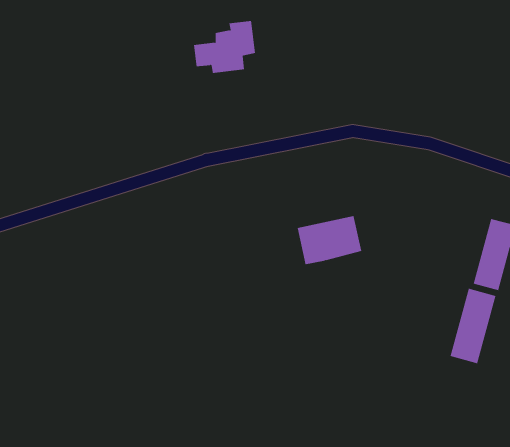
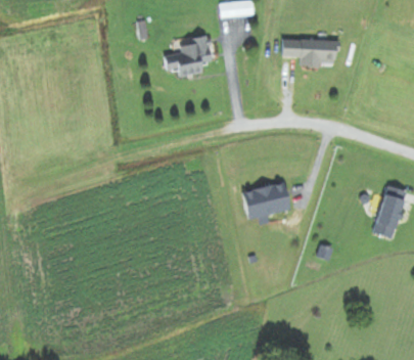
building: none -> [281,38,336,66]
building: [450,288,496,364] -> none

